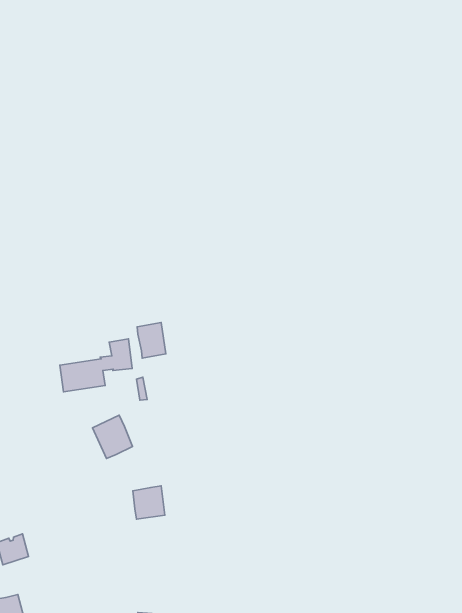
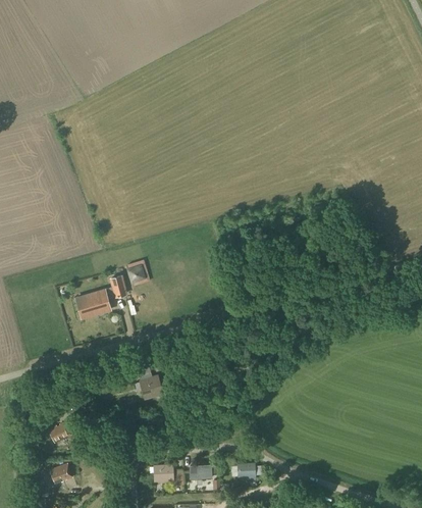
building: [92,415,132,459] -> none

